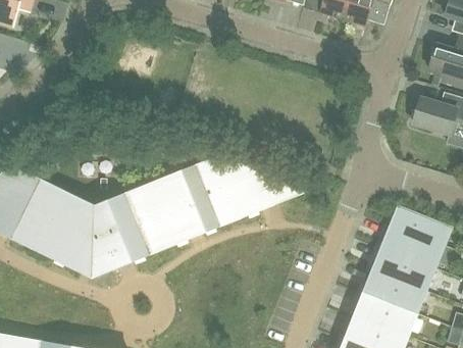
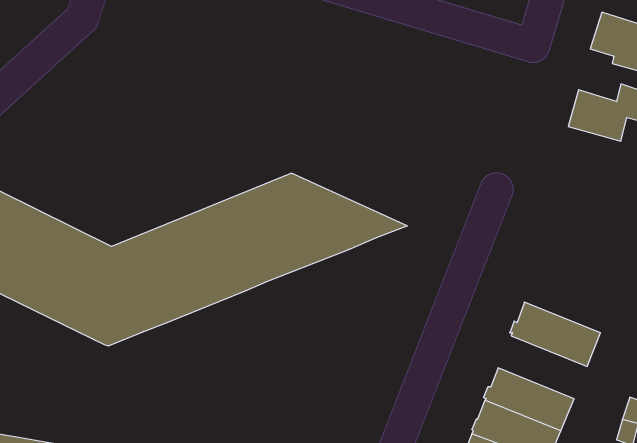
building: [381,206,451,266] -> none
building: [363,268,426,312] -> none

